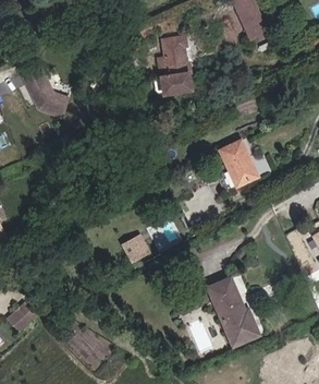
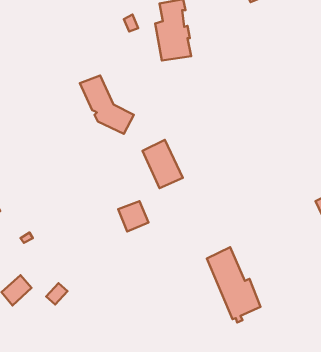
building: [21,67,73,123] -> [80,75,134,134]
building: [219,140,258,187] -> [143,140,183,188]

